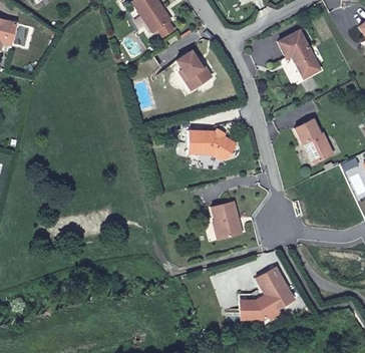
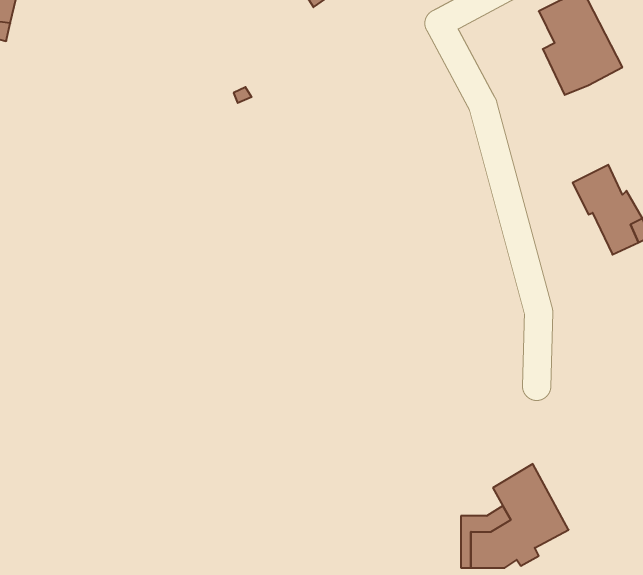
building: [176,50,209,89] -> none
building: [188,129,237,160] -> none
building: [213,202,243,239] -> none

